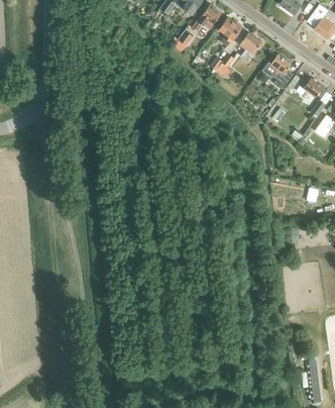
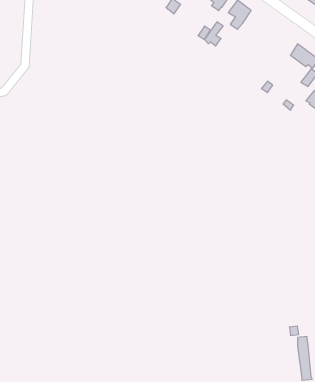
building: [262,54,293,88] -> none

